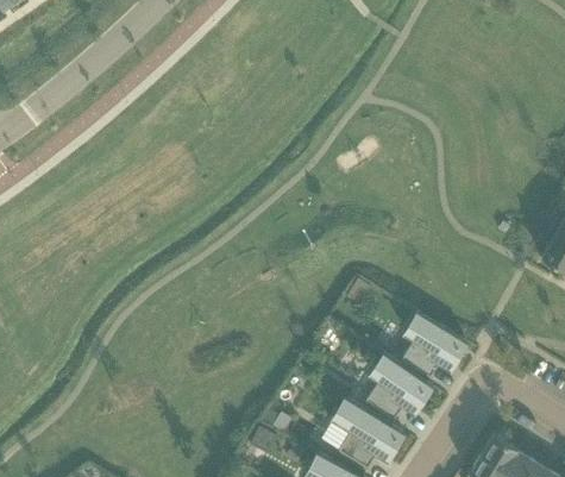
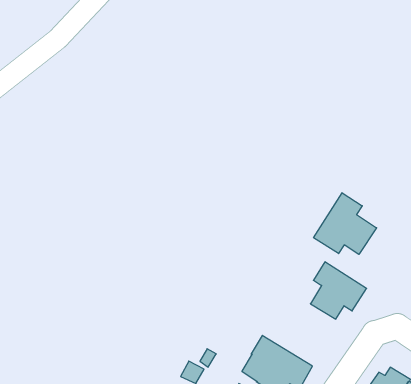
building: none -> [314,193,377,254]
building: [365,354,432,421] -> none

